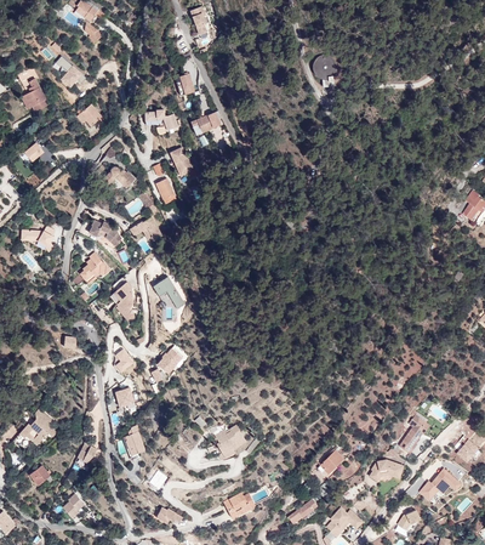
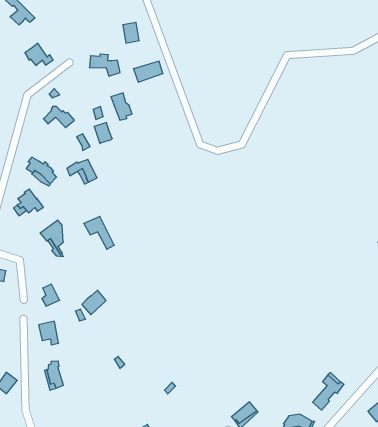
building: [313,55,337,86] -> none
building: [213,424,244,456] -> none

